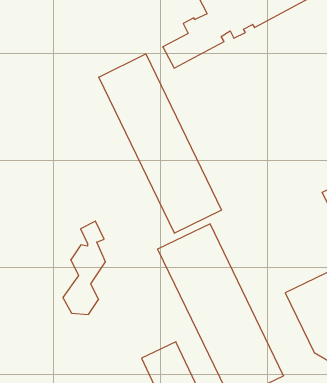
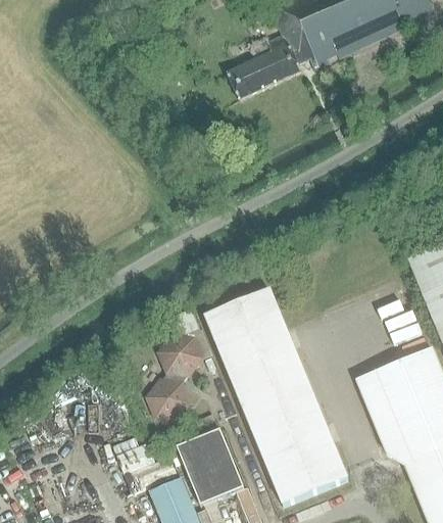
building: [99,54,222,233] -> none
building: [63,221,105,314] -> [147,306,201,419]

